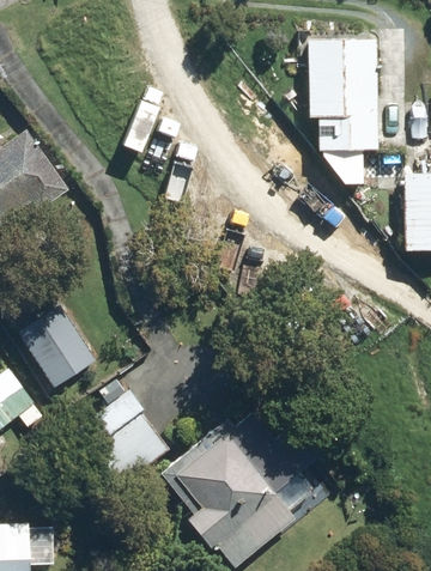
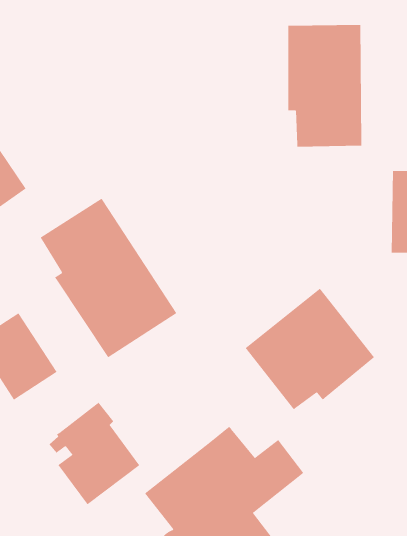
building: none -> [40,198,177,358]
building: none -> [245,288,375,410]

